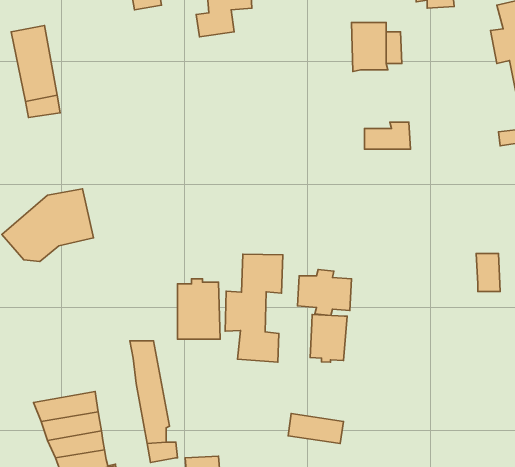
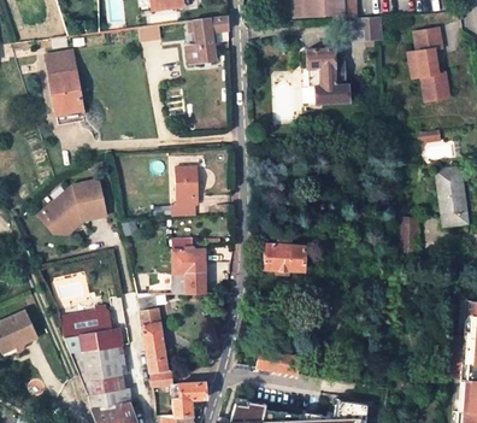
building: [365,122,411,149] -> [313,83,348,104]
building: none -> [176,166,198,205]
building: [225,254,283,362] -> none
building: [310,314,347,362] -> none
building: none -> [57,313,111,341]

